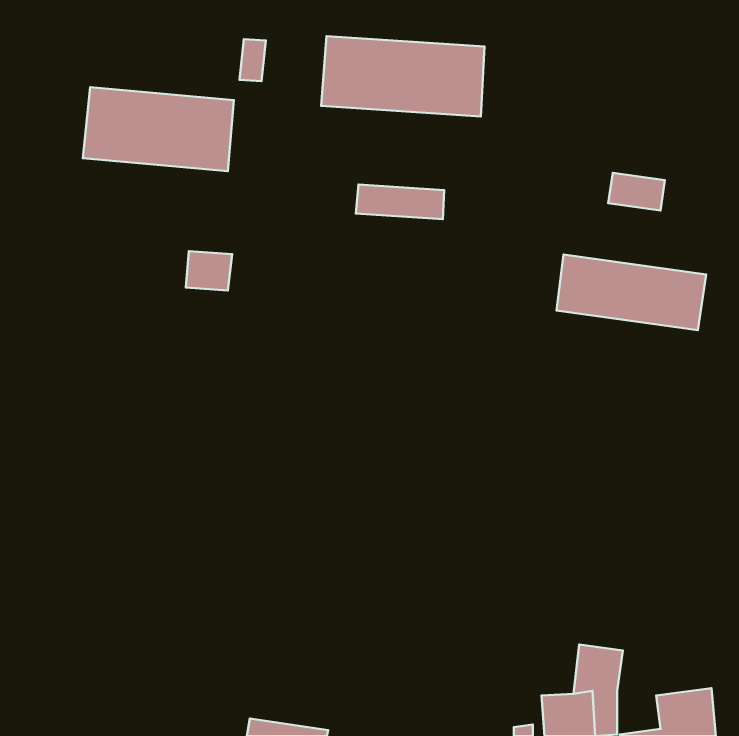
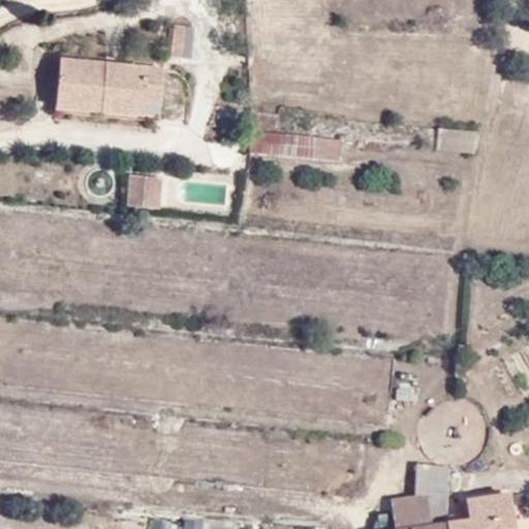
building: [321,36,485,117] -> none
building: [557,255,706,330] -> none

